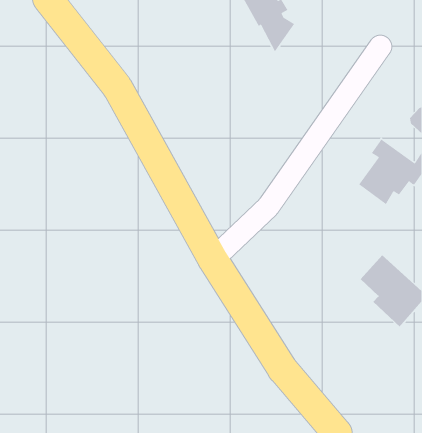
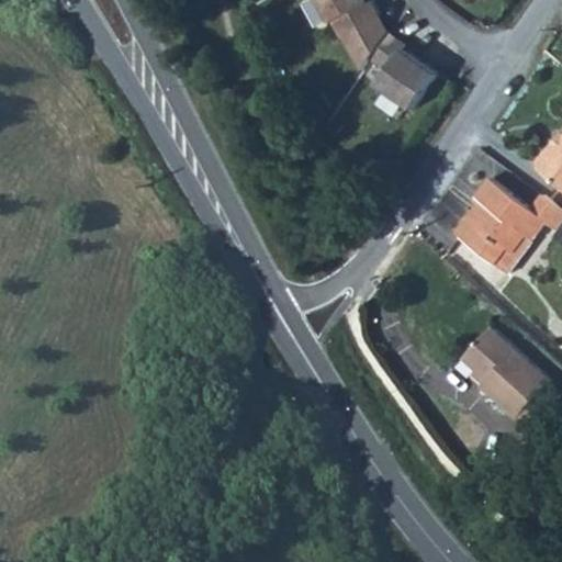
building: none -> [362,31,429,106]

